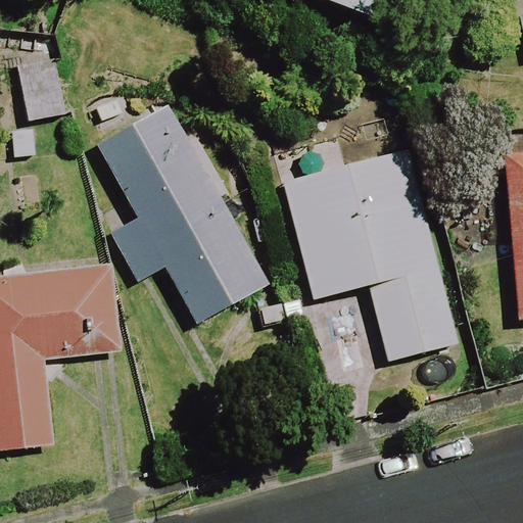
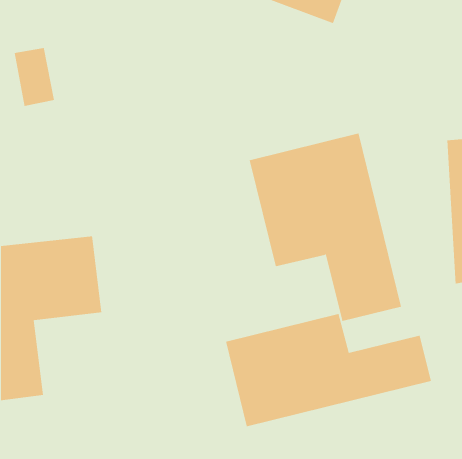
building: [98,103,269,323] -> none
building: none -> [225,313,432,427]

